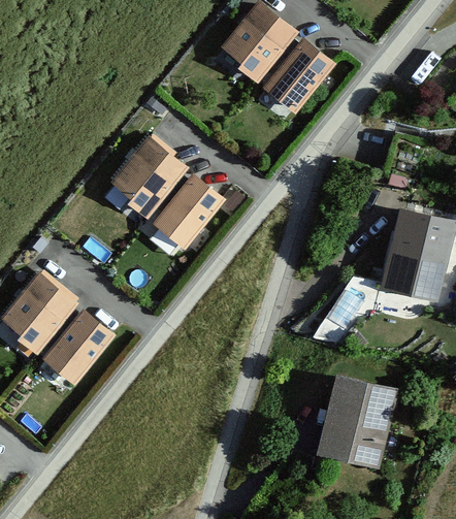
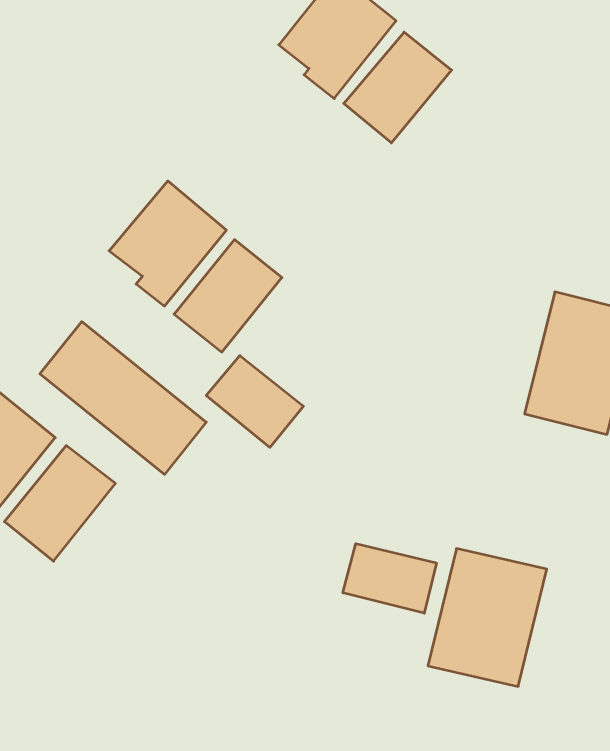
building: none -> [40,322,206,474]
building: none -> [206,356,303,447]
building: none -> [343,544,436,613]

